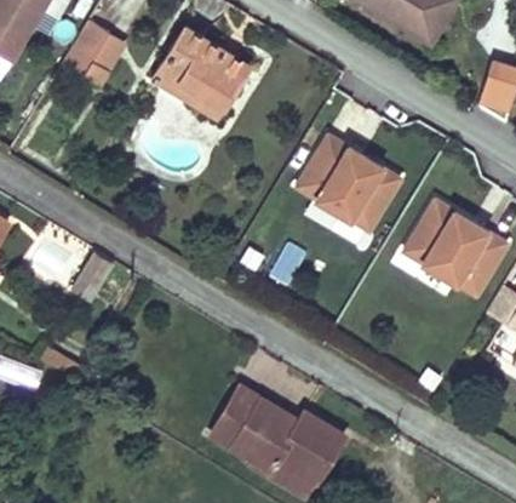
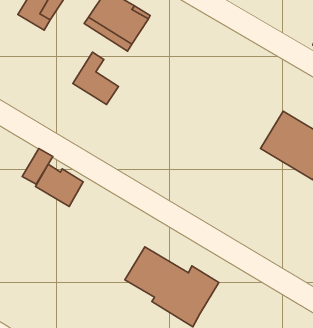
building: none -> [73,52,119,104]
building: [293,135,397,230] -> none
building: none -> [35,164,83,207]

